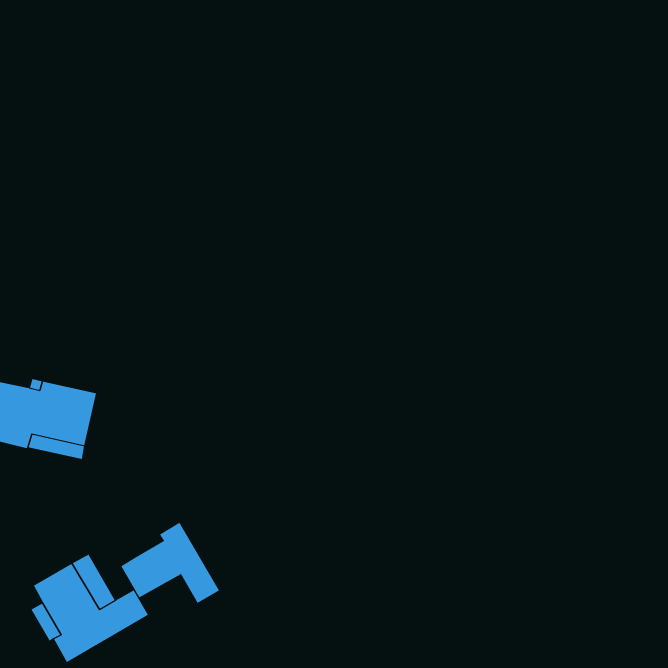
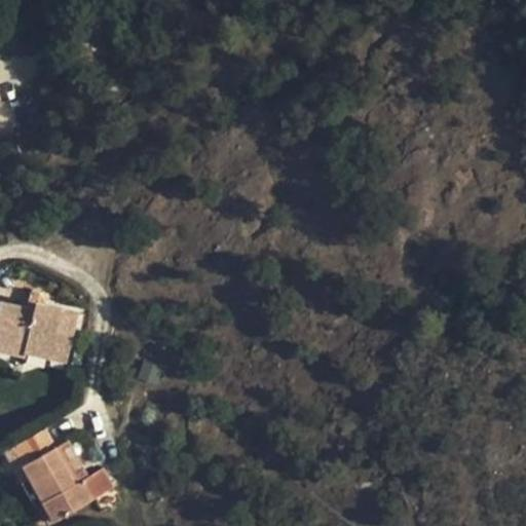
building: [120,522,220,604] -> none

